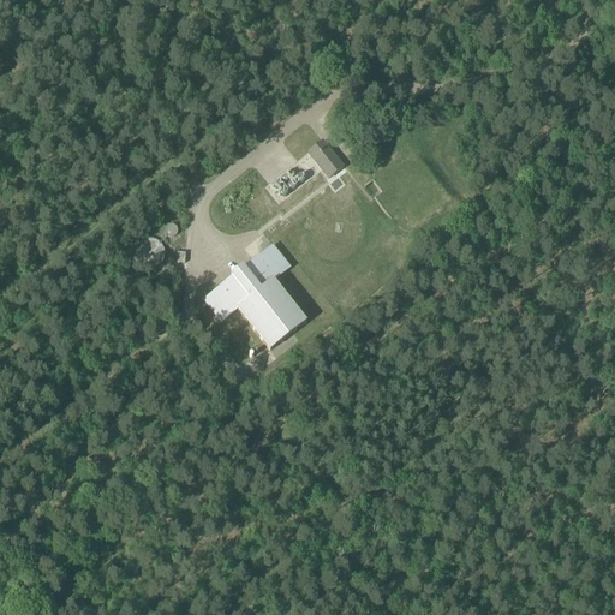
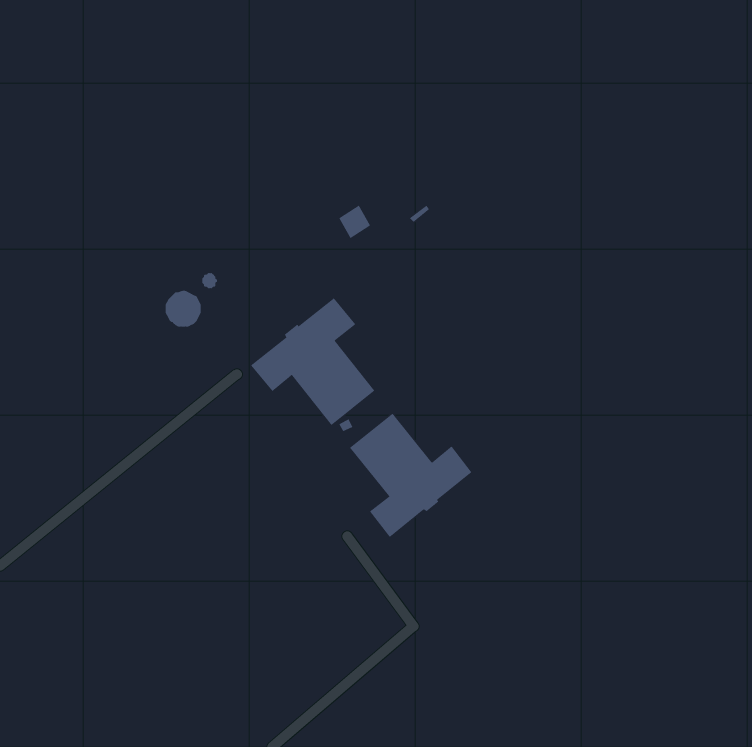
building: [308,137,344,174] -> none
building: none -> [349,413,472,538]

